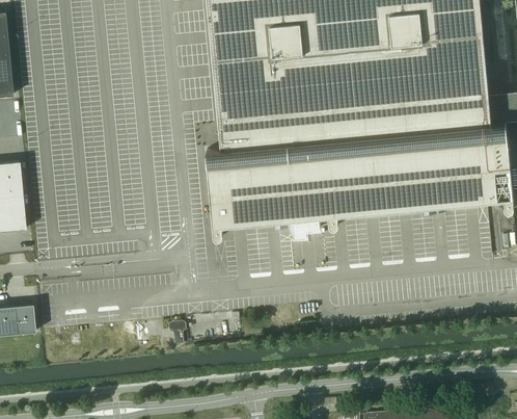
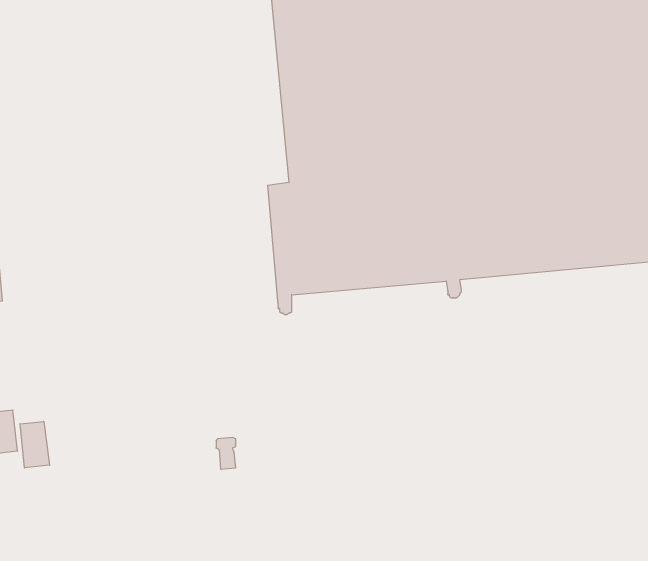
building: none -> [20,421,49,468]

